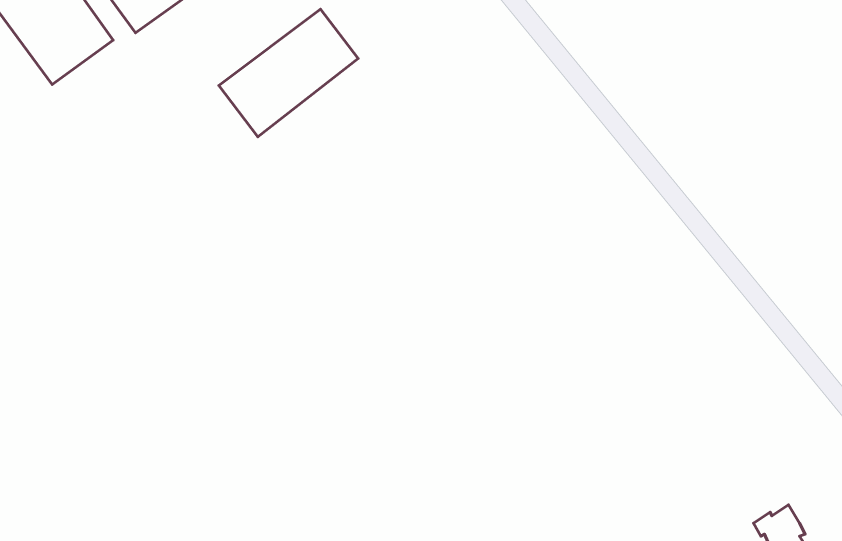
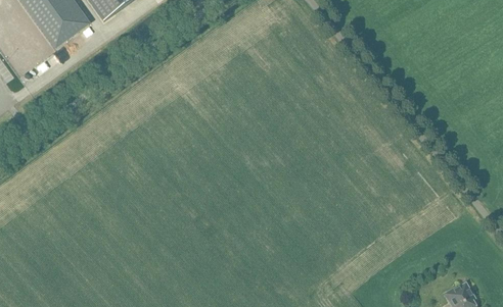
building: [219,9,358,137] -> none

